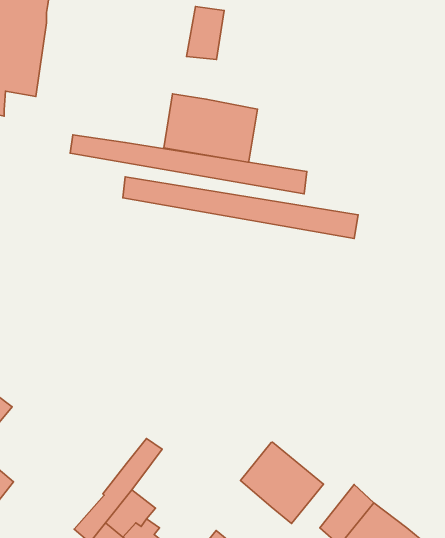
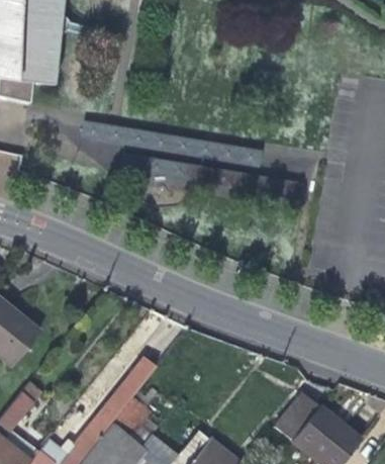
building: [186,7,224,59] -> none
building: [164,94,257,162] -> none
building: [240,442,323,524] -> none

